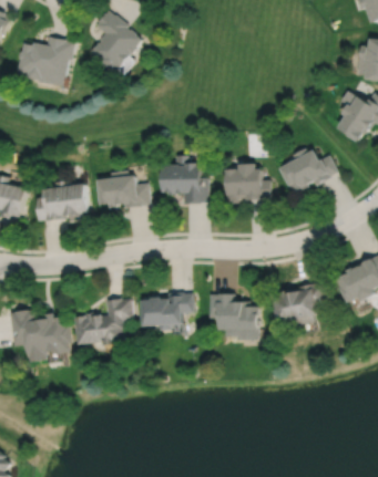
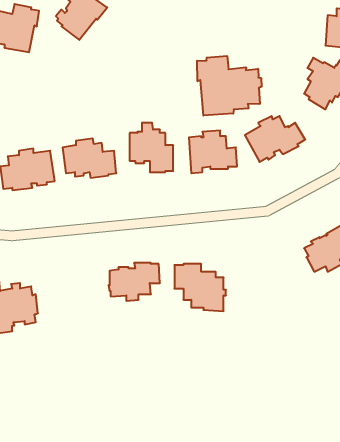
building: none -> [197,56,262,116]
building: [272,282,326,326] -> none
building: [74,298,134,345] -> none

